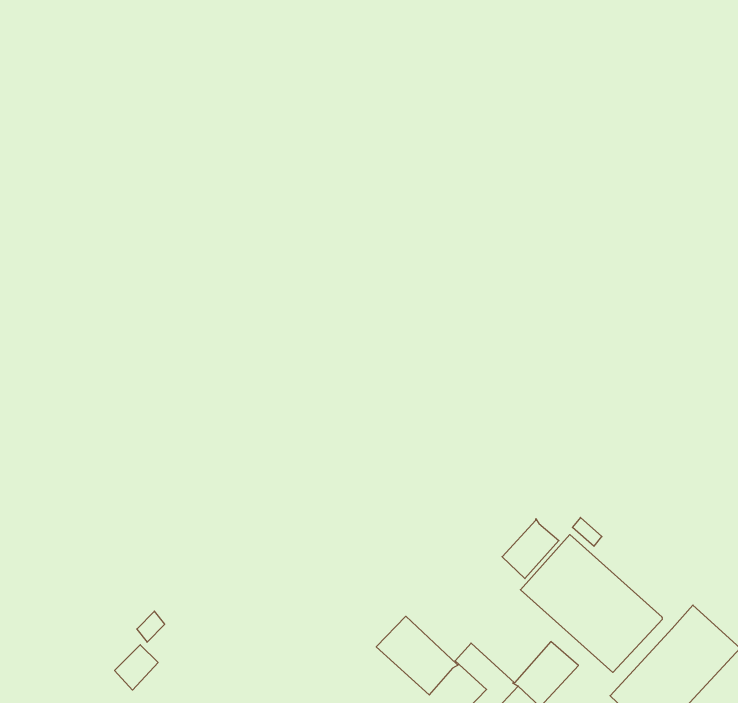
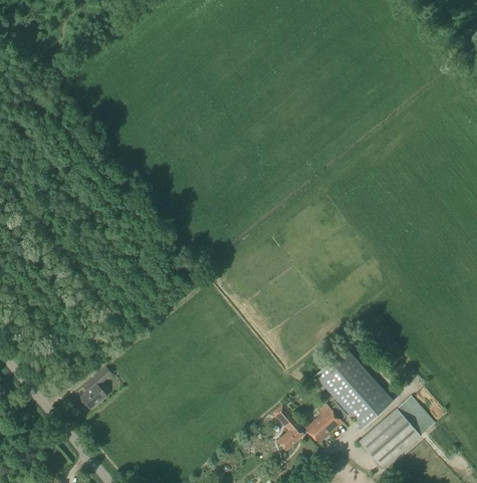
building: [502,519,559,579] -> none
building: [376,616,459,695] -> none

